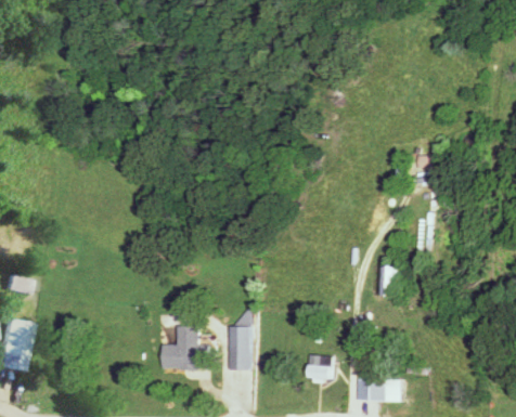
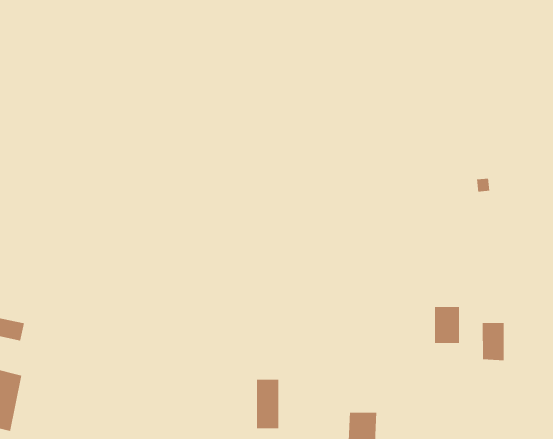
building: none -> [482,322,504,361]
building: [162,326,209,368] -> none

